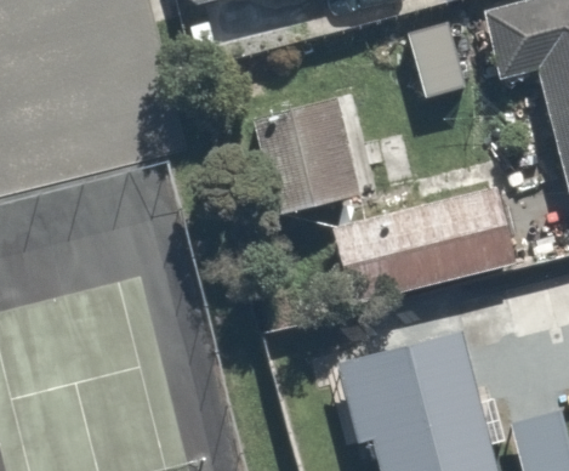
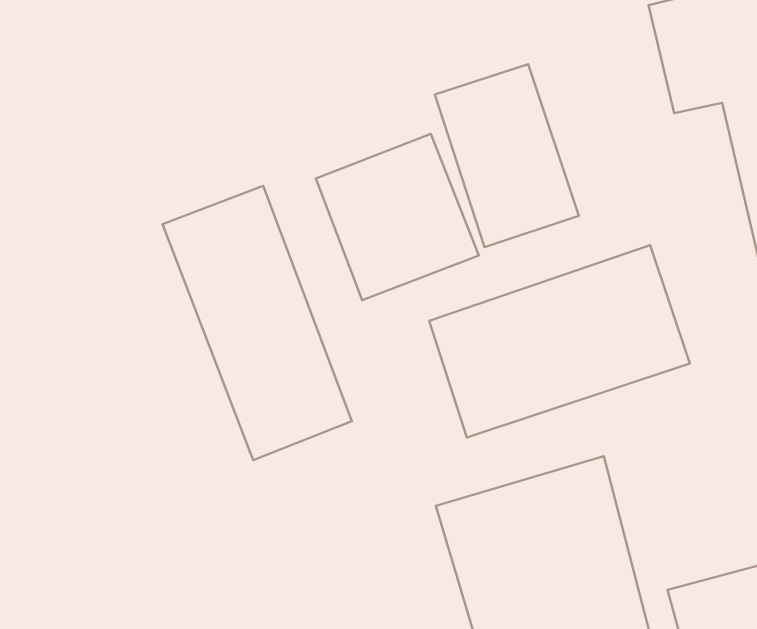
building: none -> [435,64,579,247]
building: none -> [162,186,352,460]

